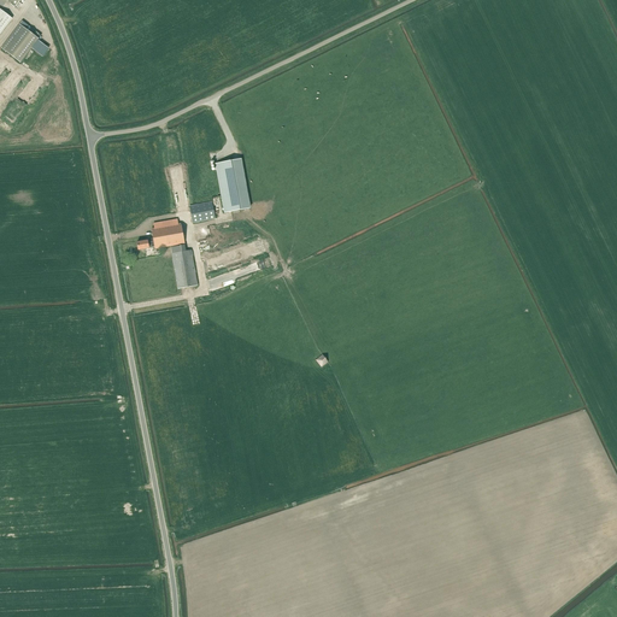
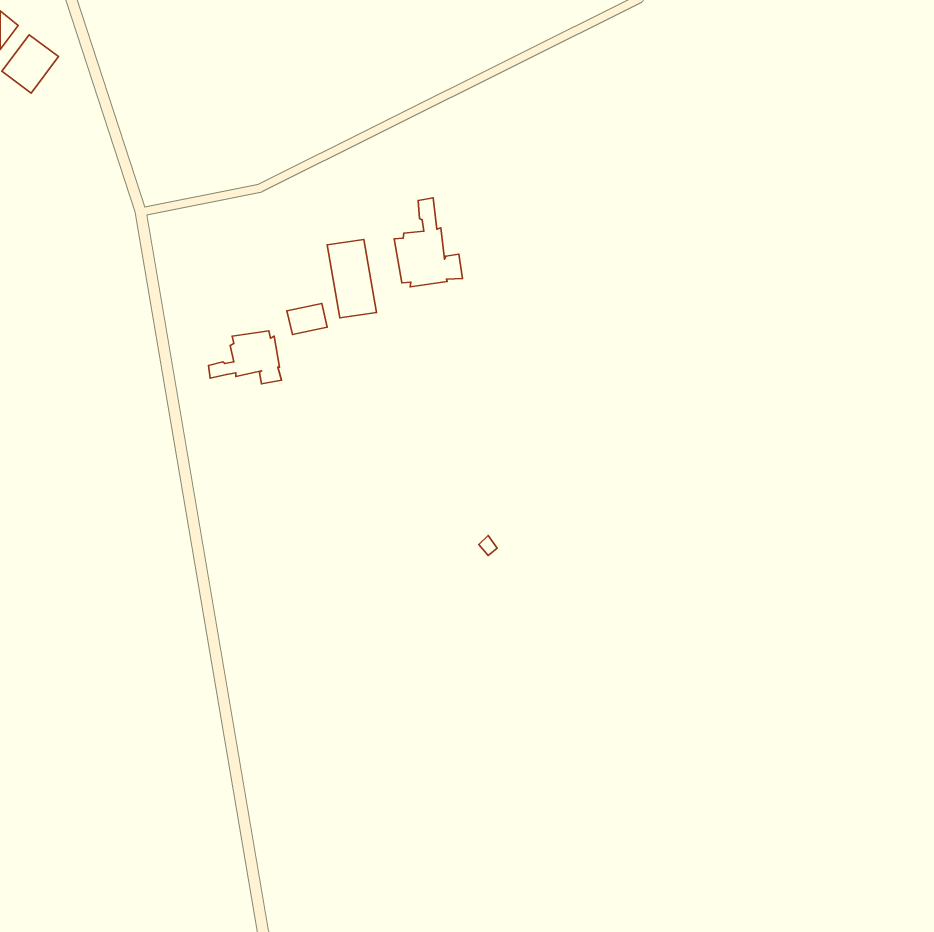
building: none -> [394,198,462,287]
building: [172,249,196,288] -> none

